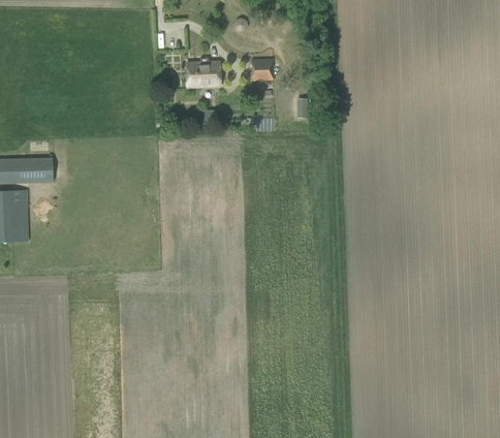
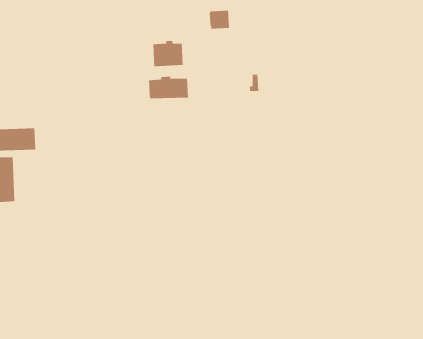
building: [251,59,275,81] -> [209,10,230,29]
building: none -> [149,76,188,99]

